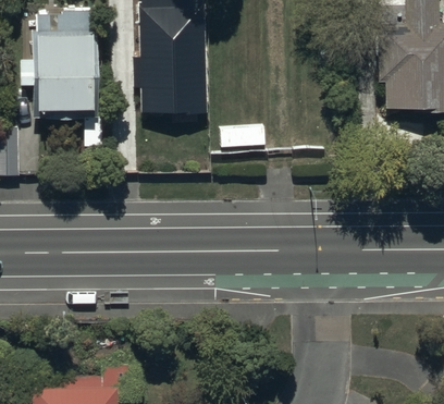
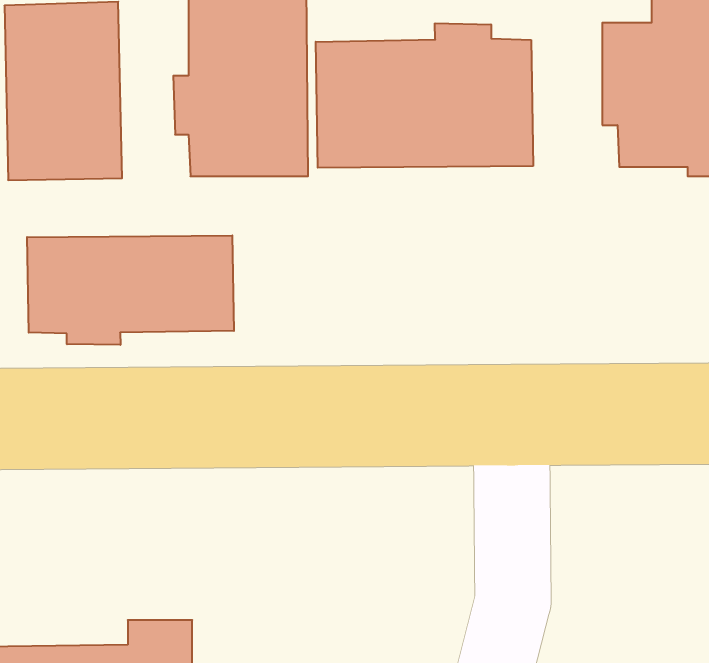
building: none -> [316,23,533,168]
building: none -> [27,235,234,345]

